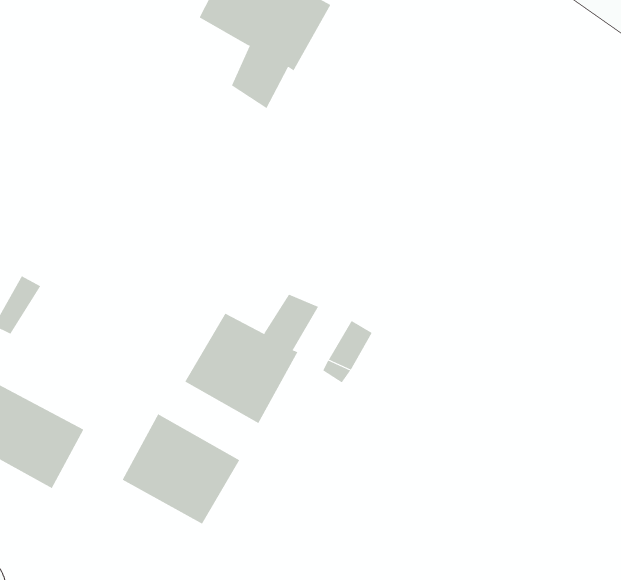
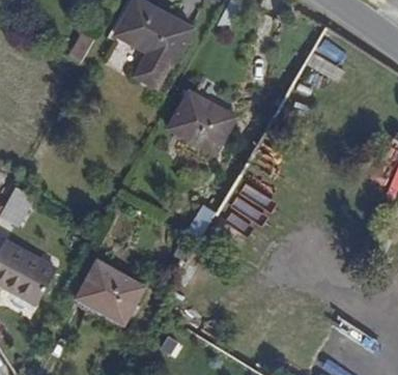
building: none -> [169,88,237,153]
building: [185,294,319,424] -> none

